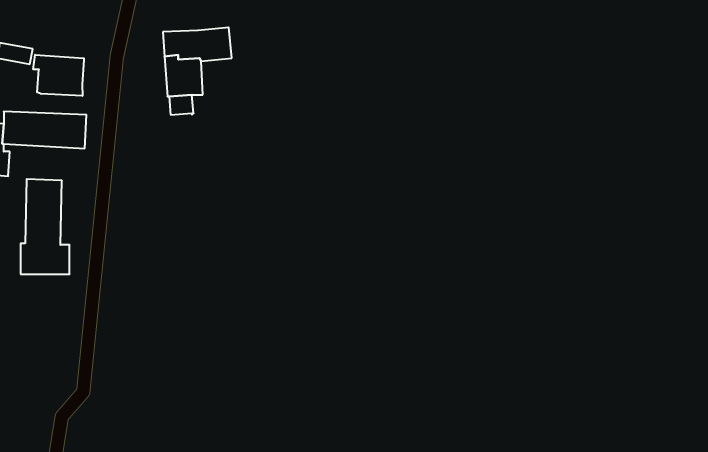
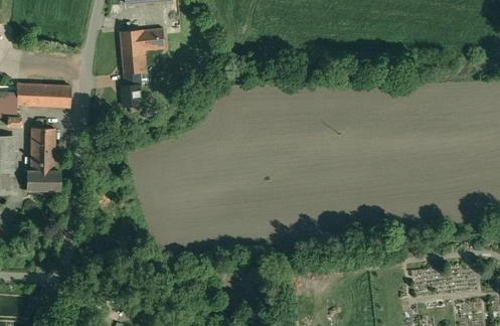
building: [33,55,84,96] -> none
building: none -> [122,85,141,107]

